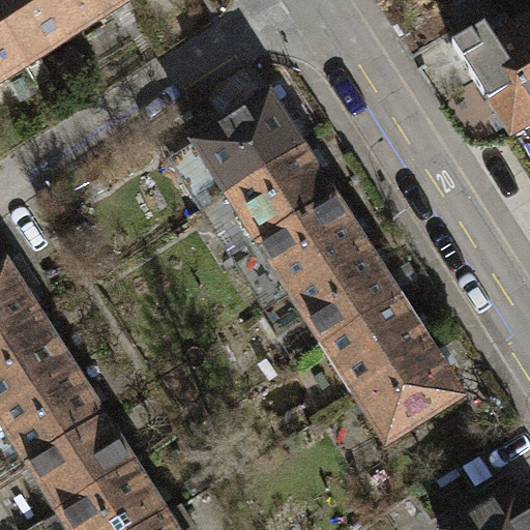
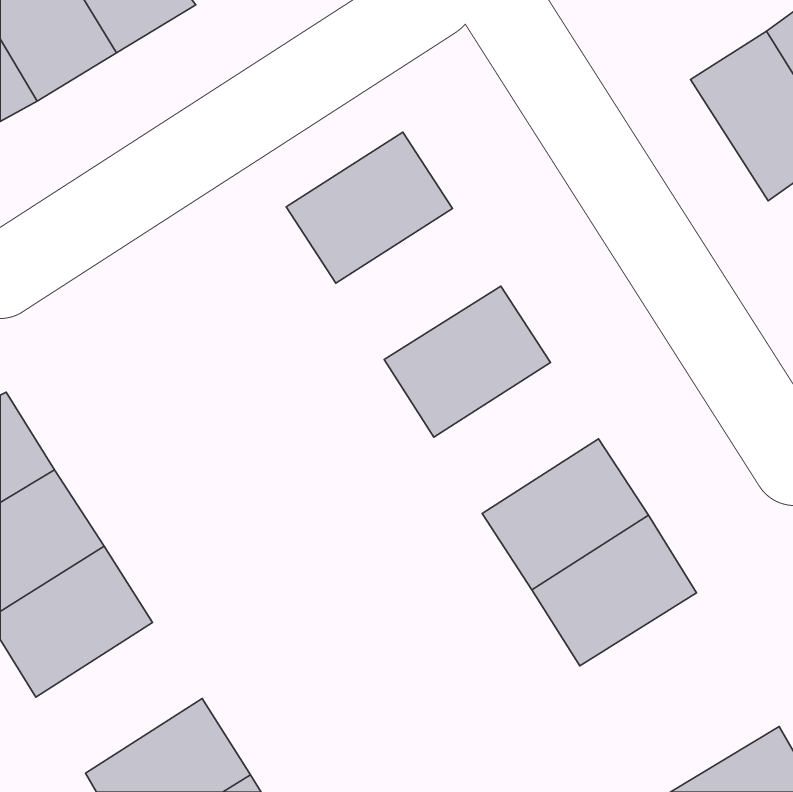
building: [225,139,334,239] -> none
building: [290,241,400,342] -> none
building: [25,414,136,514] -> none

